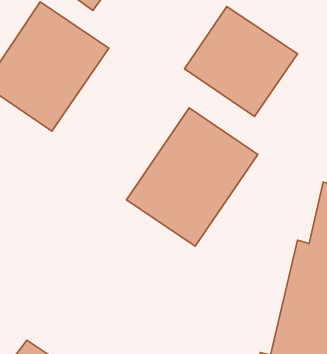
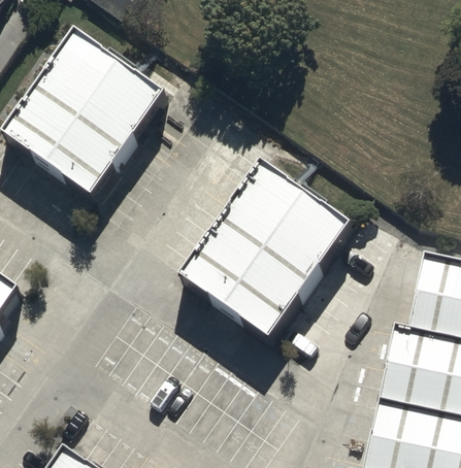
building: [185,7,297,116] -> none

